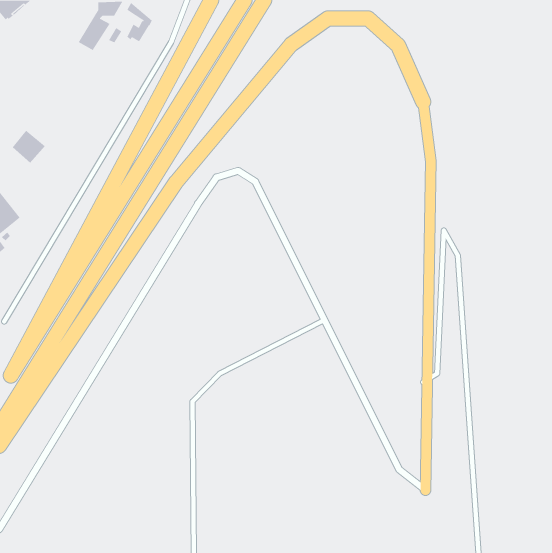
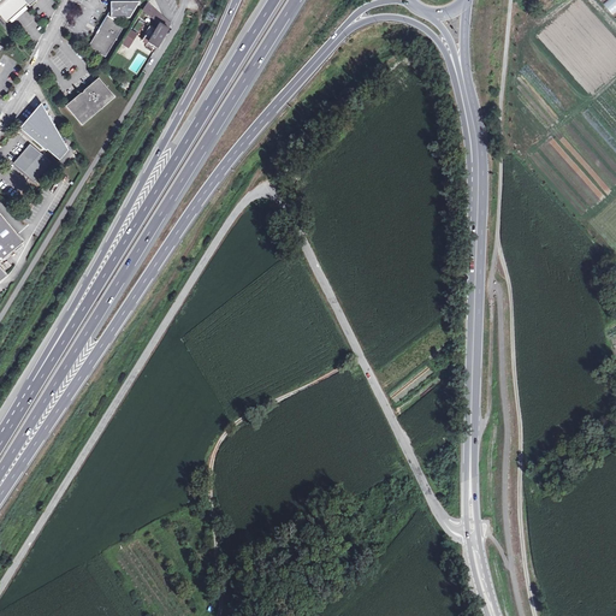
building: none -> [63,77,113,125]
building: none -> [20,111,67,160]

